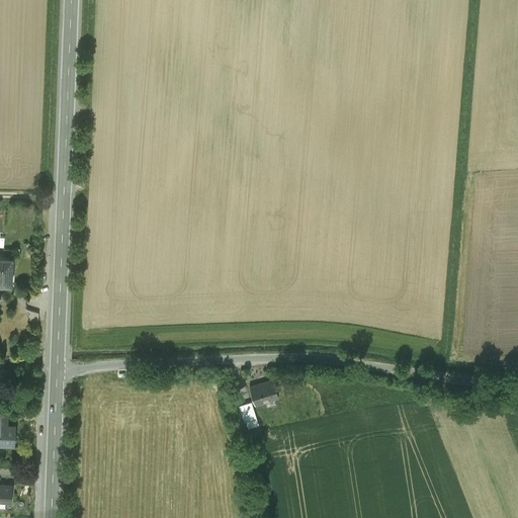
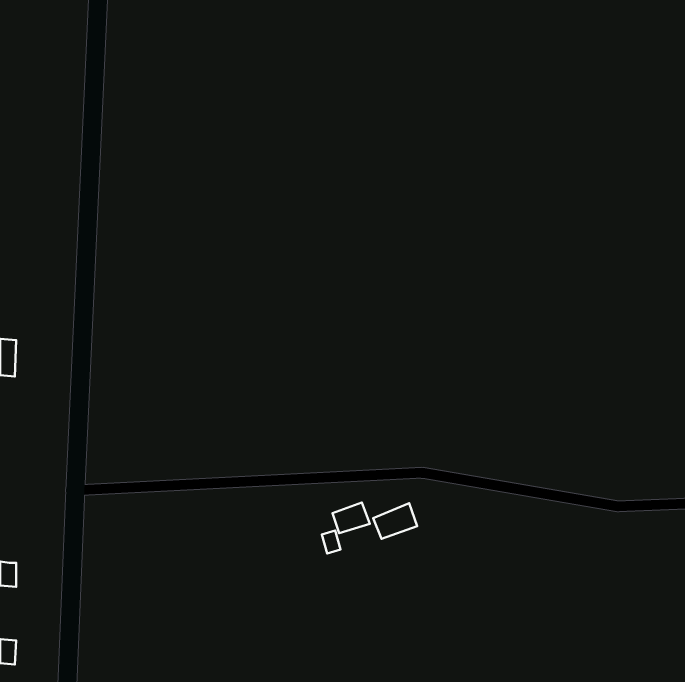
building: none -> [373,503,417,539]

